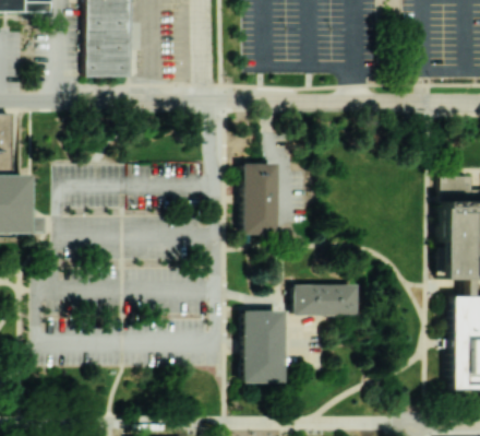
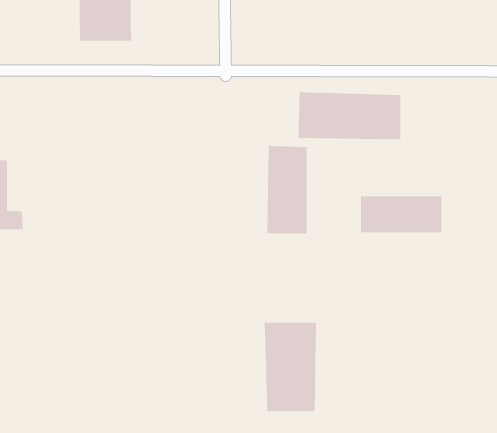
building: none -> [298,92,401,140]
building: [292,284,360,315] -> [360,196,442,233]

